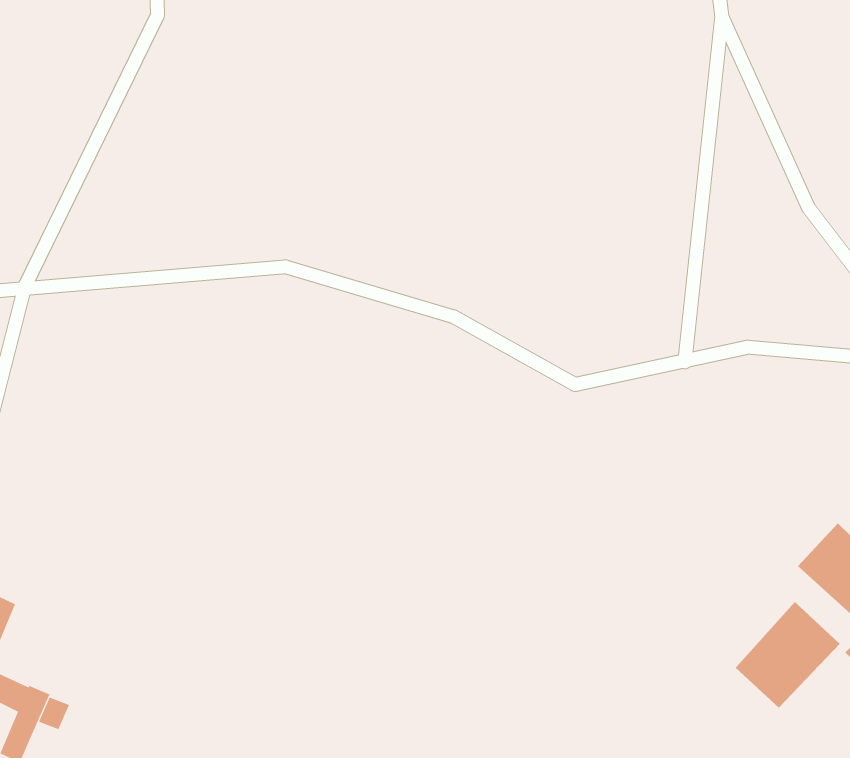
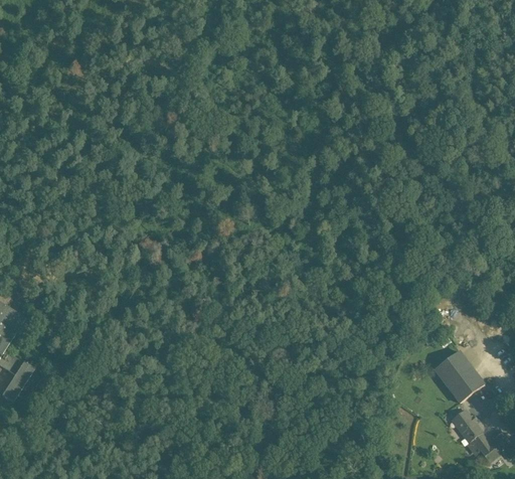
building: [735,601,841,708] -> none

